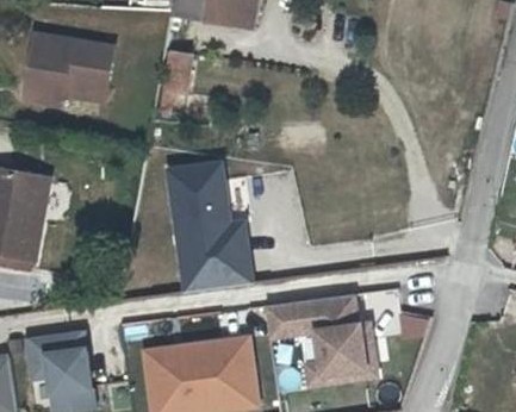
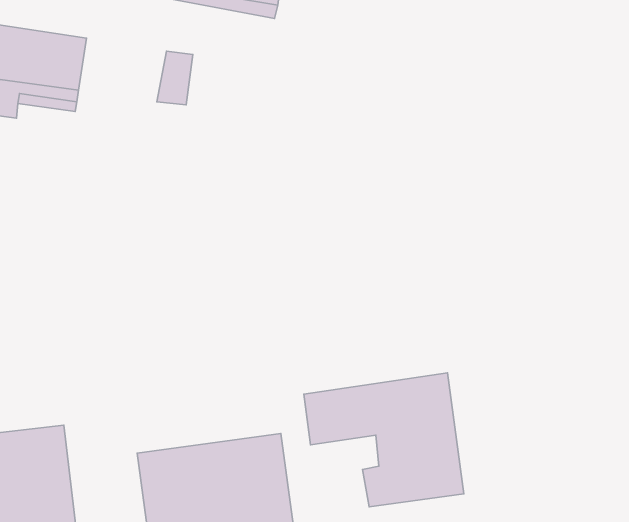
building: [169,158,269,288] -> none

